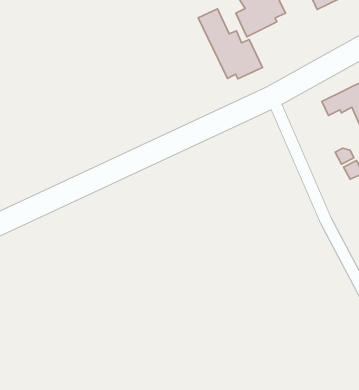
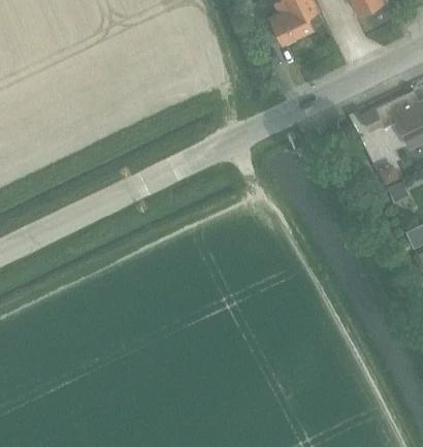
building: [198,9,263,79] -> none

